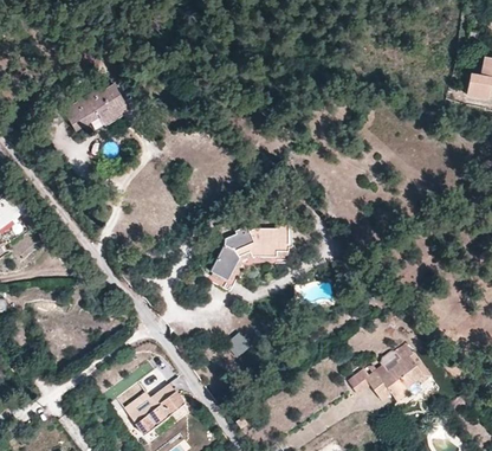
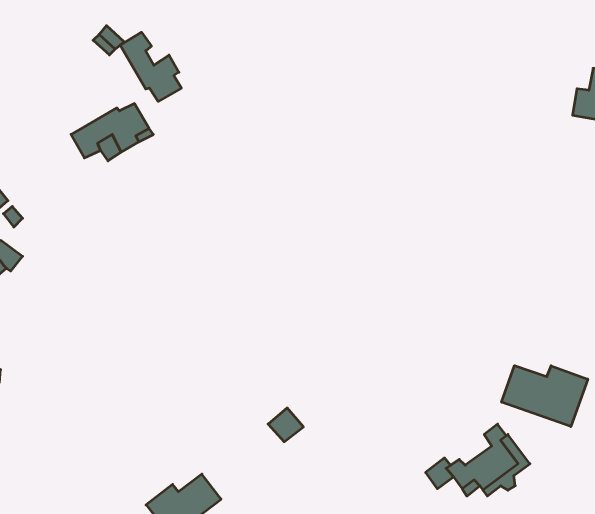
building: none -> [120,32,181,101]
building: [208,225,287,281] -> none
building: none -> [502,366,588,427]

